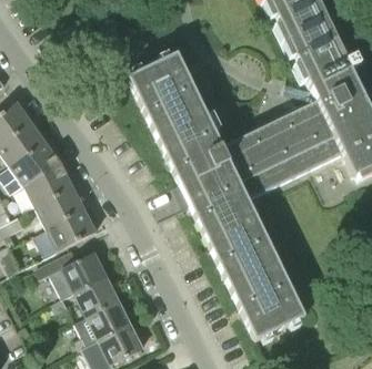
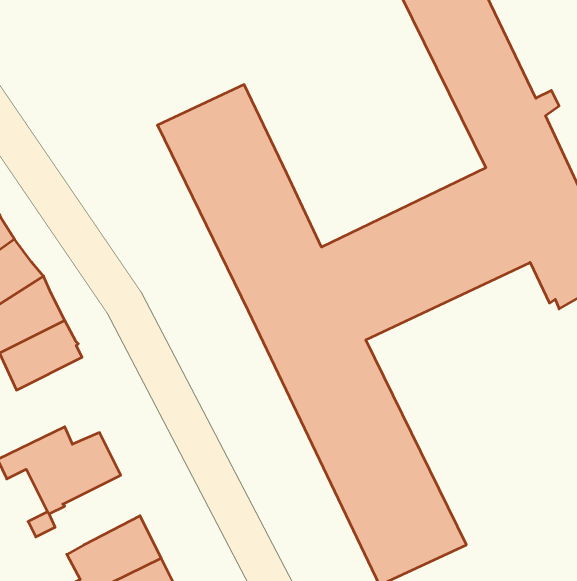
building: [47,208,97,249] -> none
building: [73,276,118,316] -> none

